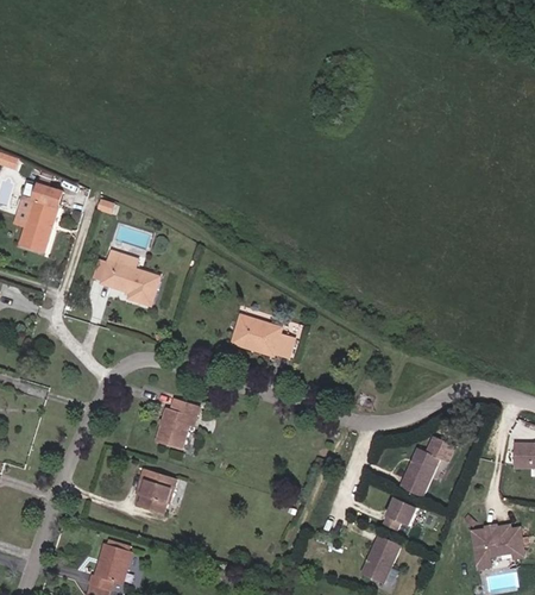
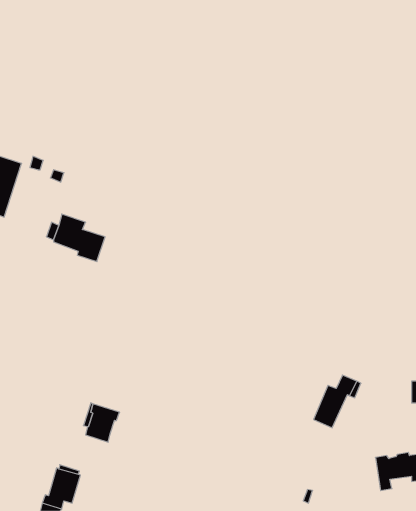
building: [232,314,295,357] -> none
building: [156,397,200,450] -> none
building: [383,496,417,530] -> none
building: [360,534,401,583] -> none

